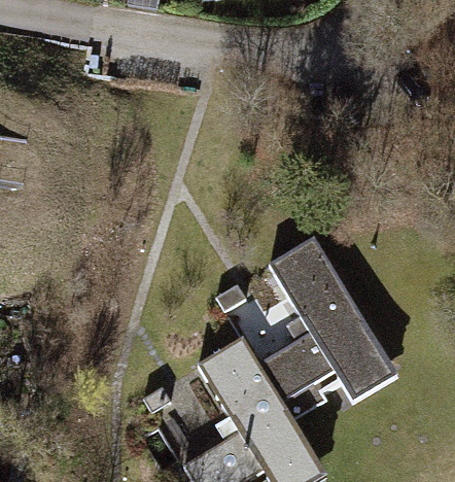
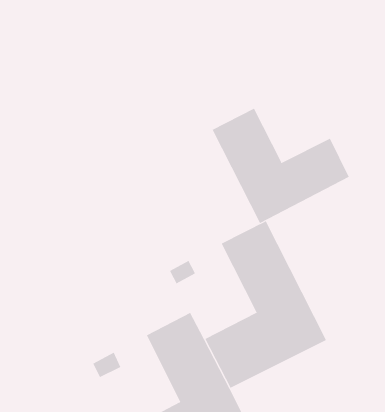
building: none -> [212,108,350,224]

